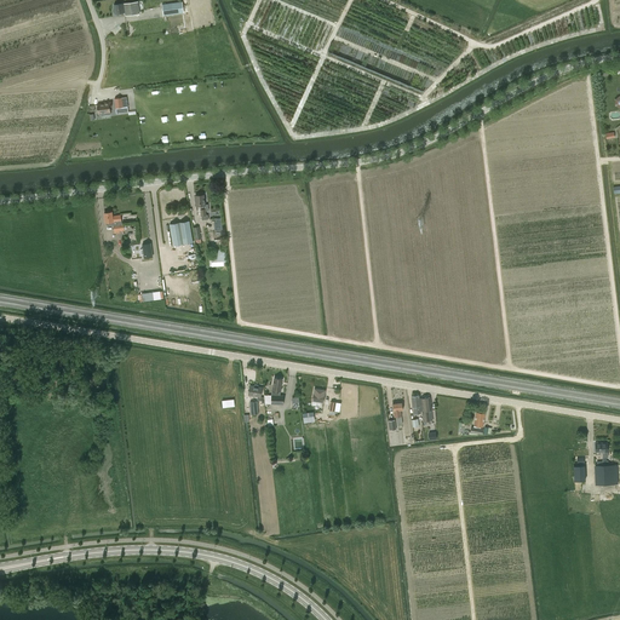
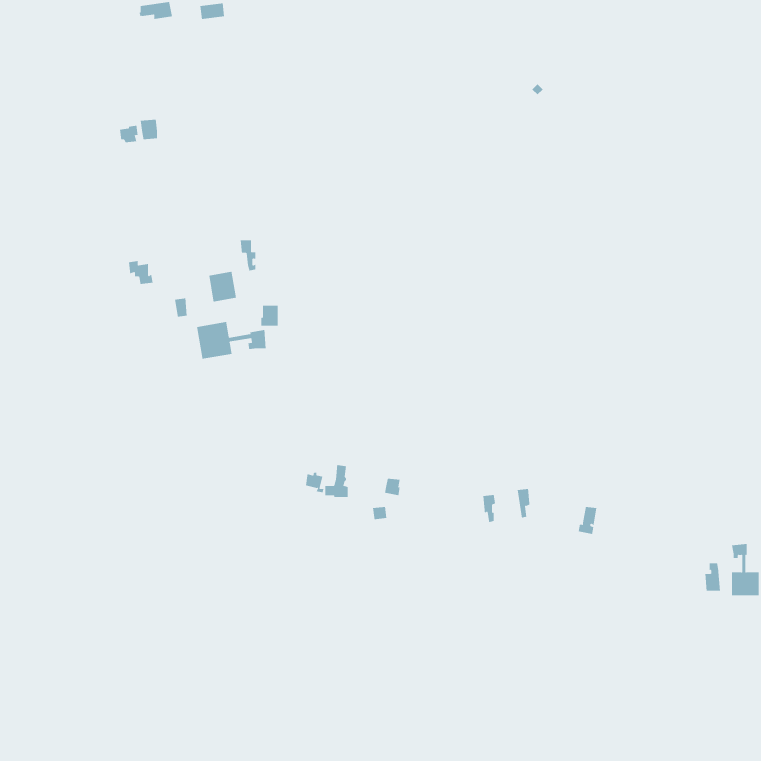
building: none -> [196,321,266,360]

